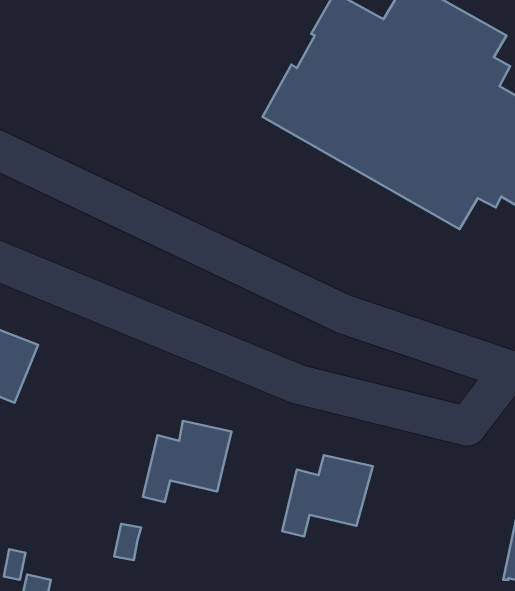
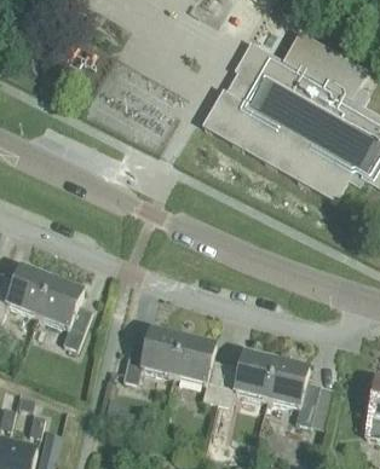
building: none -> [39,277,93,347]
building: none -> [174,335,228,401]
building: none -> [267,358,321,424]

